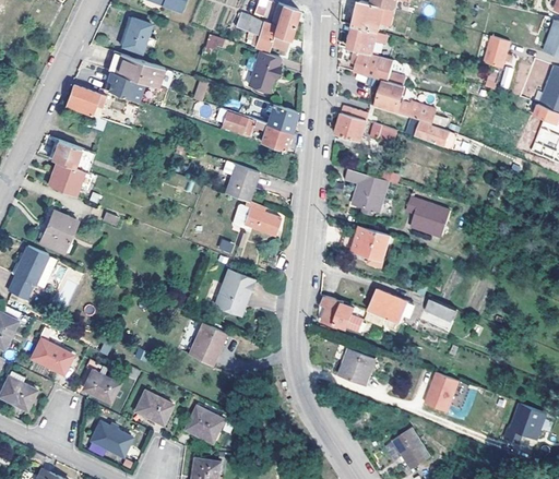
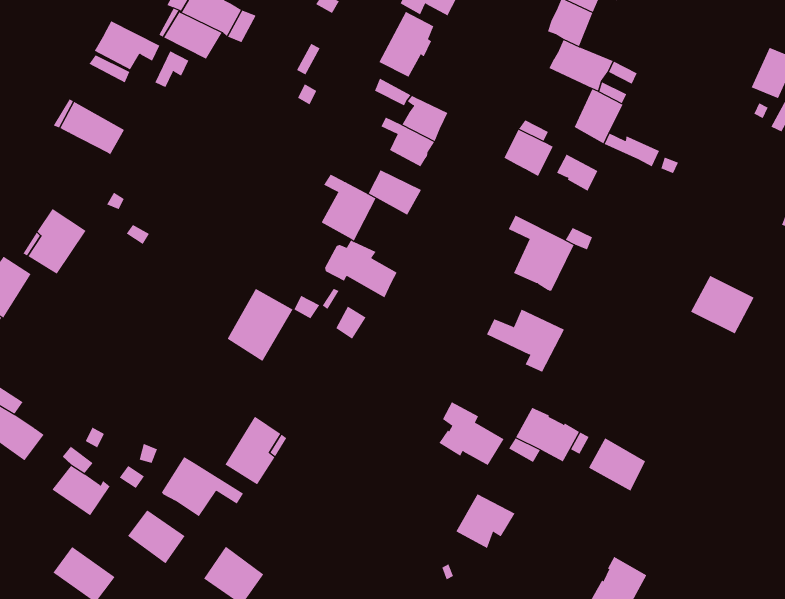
building: [219,109,253,135] -> [368,170,422,215]
building: [414,121,456,148] -> none
building: [48,160,83,195] -> none
building: [411,201,450,236] -> [690,275,755,334]
building: [213,267,252,313] -> [227,288,293,362]
building: none -> [161,456,244,517]

